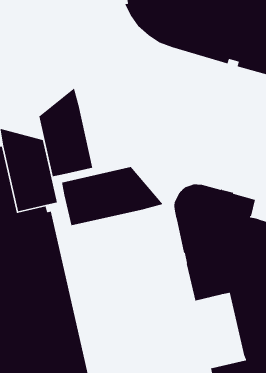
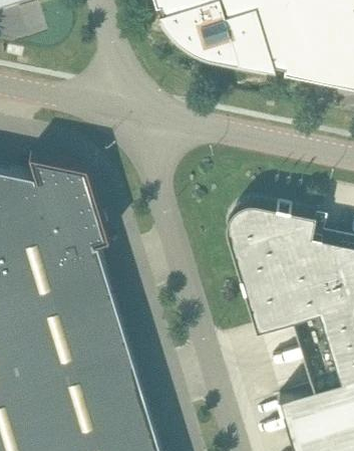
building: [38,87,93,177] -> none
building: [61,166,164,226] -> none

